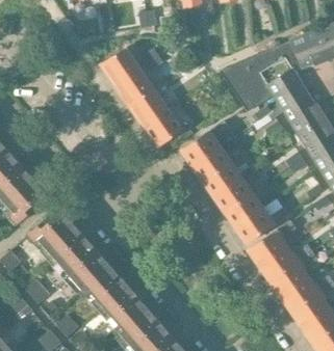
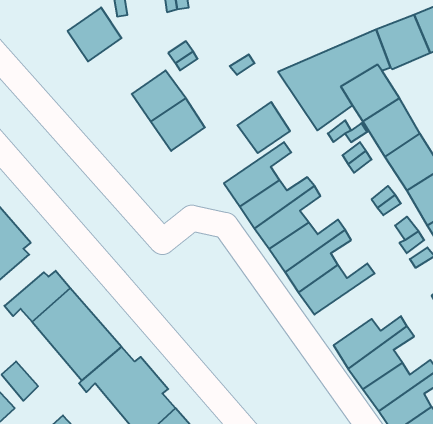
building: [101,48,139,86] -> [68,7,122,61]
building: [144,110,181,146] -> [237,102,290,153]
building: [248,220,294,265] -> none

